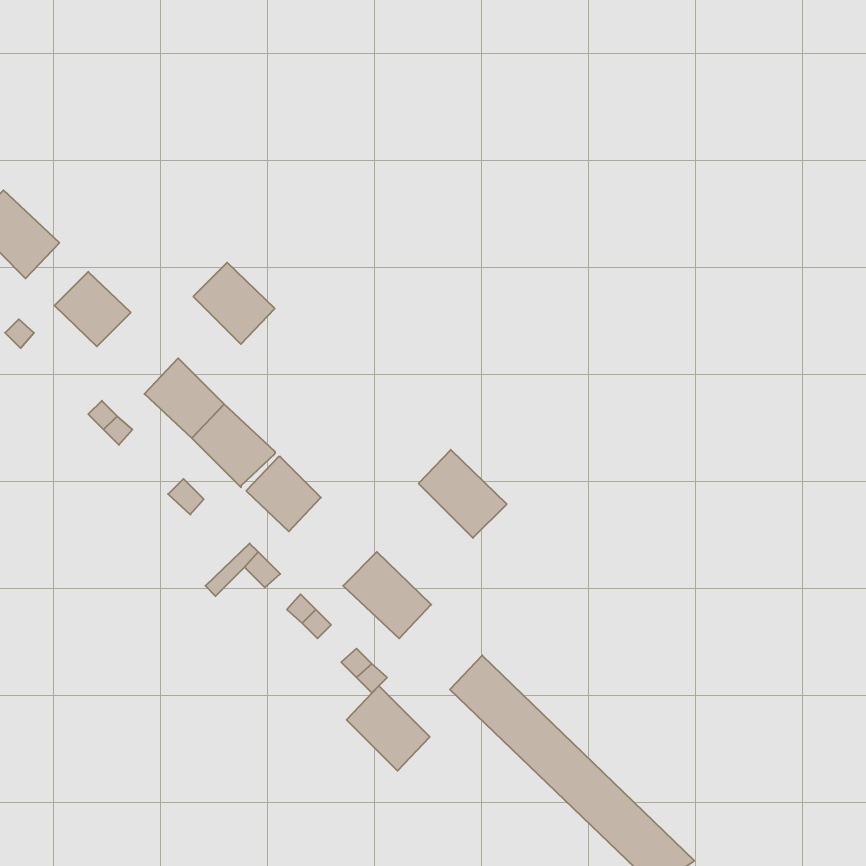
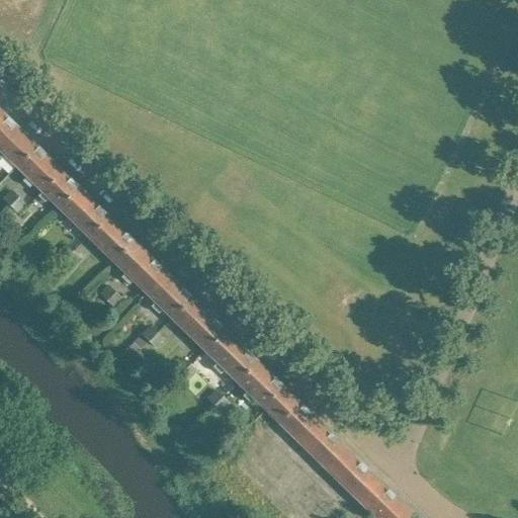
building: none -> [15,146,53,183]
building: [193,263,275,344] -> [58,187,106,236]
building: [419,450,507,538] -> [172,297,225,350]
building: [347,686,430,771] -> [238,361,287,412]

